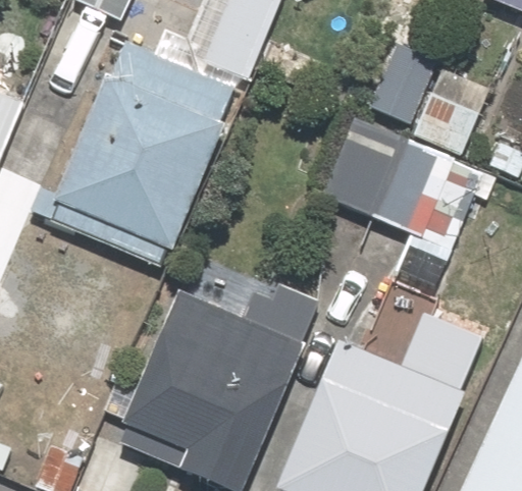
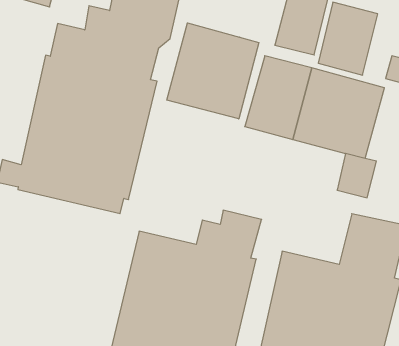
building: none -> [167,23,259,119]

